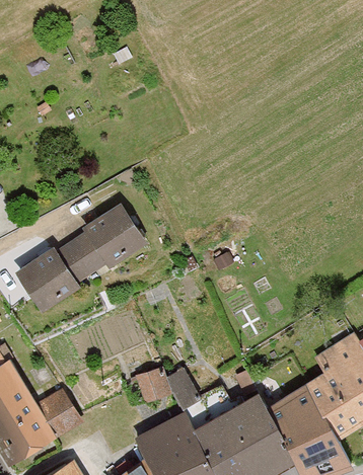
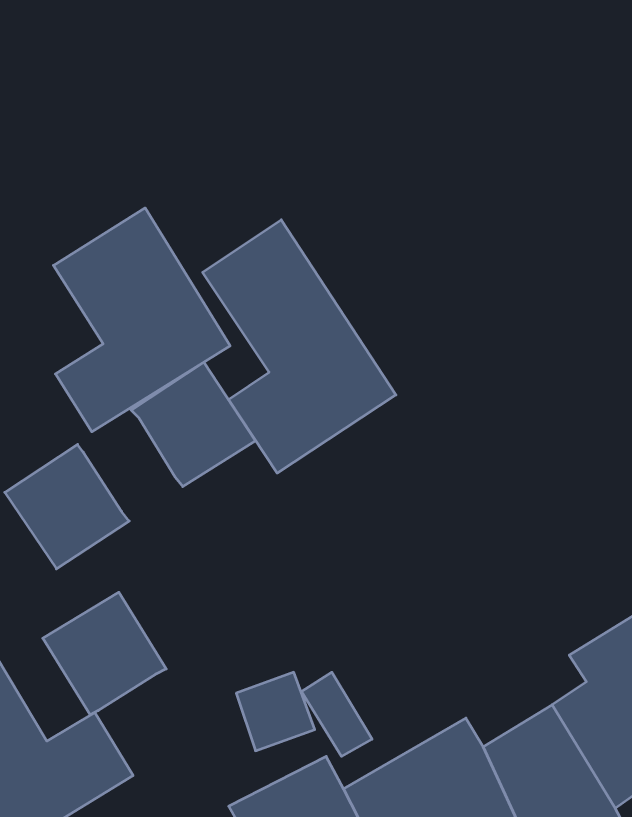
building: none -> [53,208,230,432]
building: none -> [203,220,396,473]
building: [56,233,104,283] -> none
building: none -> [43,592,166,715]

